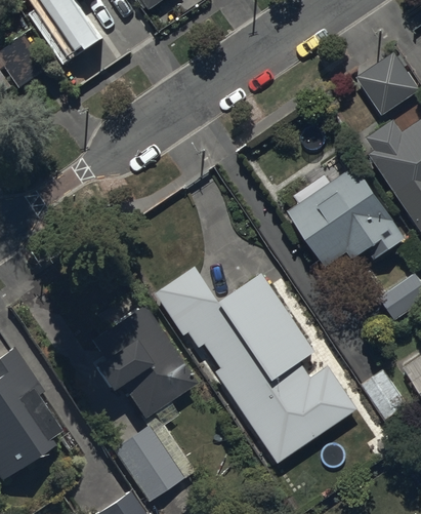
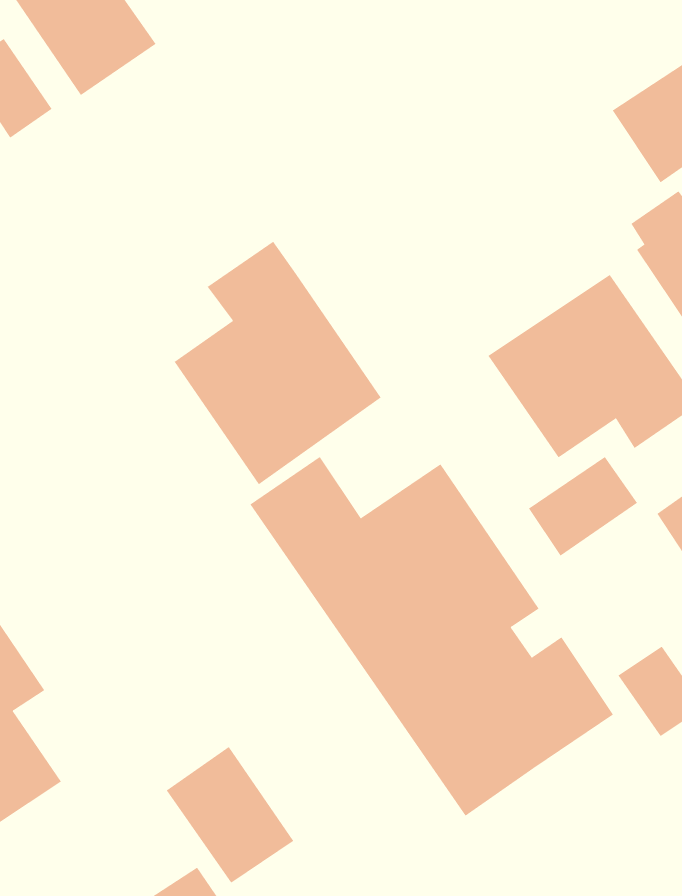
building: none -> [174,241,382,485]
building: none -> [528,456,638,557]
building: [88,304,197,419] -> none

